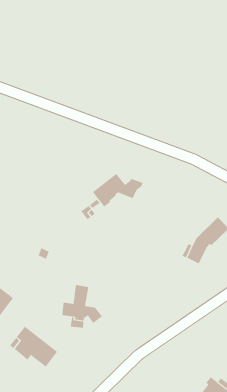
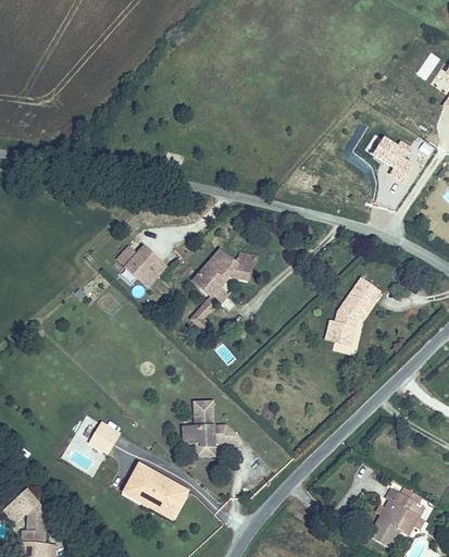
building: none -> [123,246,162,284]

